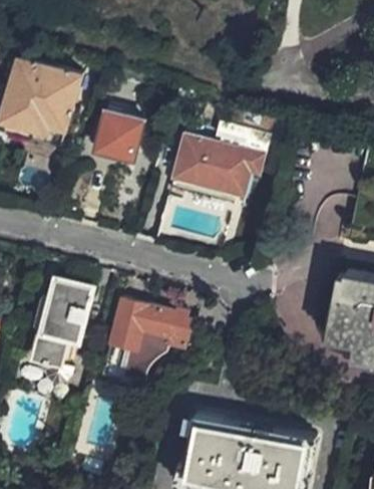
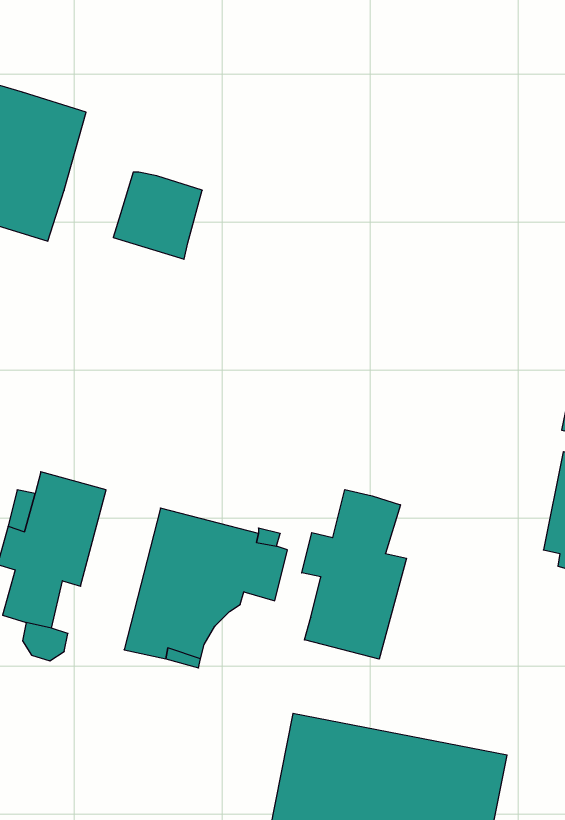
building: [171,121,262,206] -> none
building: none -> [302,490,406,659]

